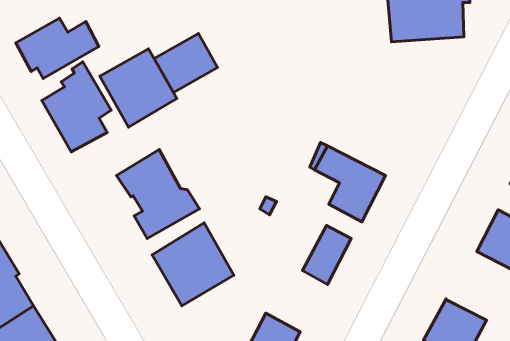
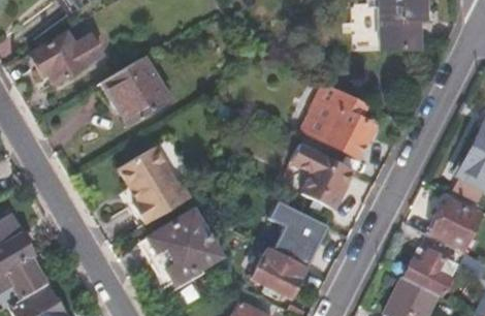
building: [154,34,218,92] -> none
building: [42,62,111,152] -> none
building: none -> [300,84,373,158]
building: none -> [252,247,305,298]
building: none -> [406,247,455,296]

